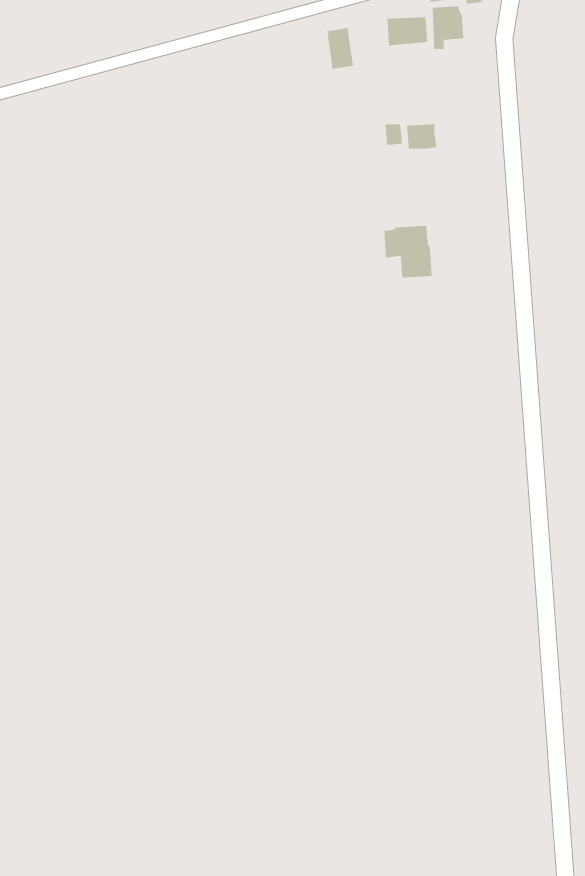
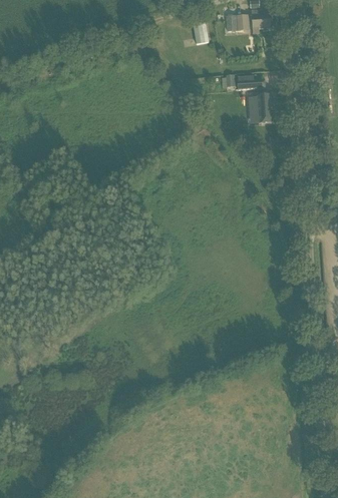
building: [383,225,432,278] -> [248,92,275,121]

